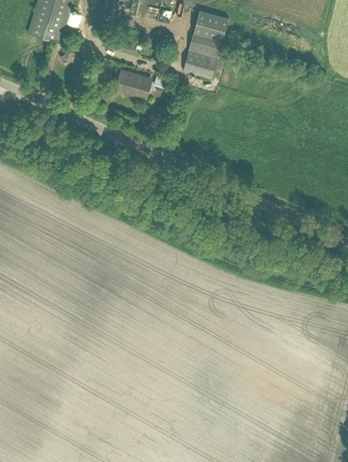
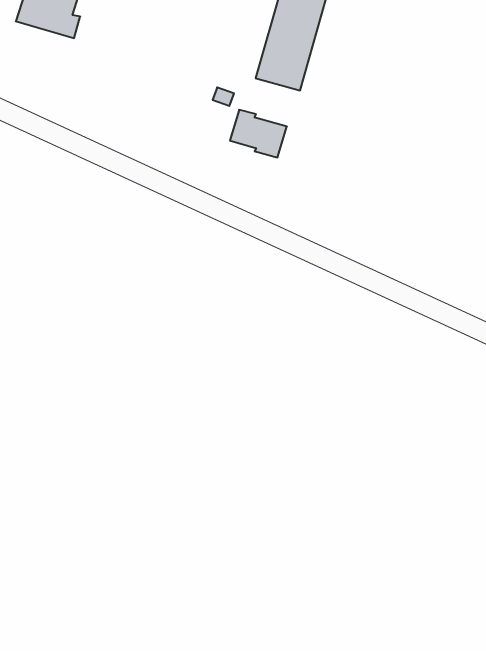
building: [115,70,152,102] -> [230,110,287,157]

